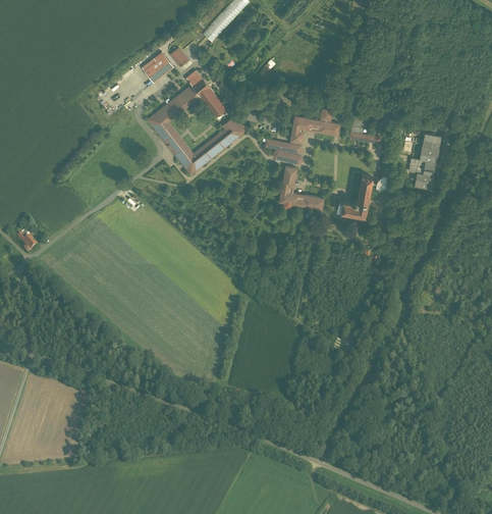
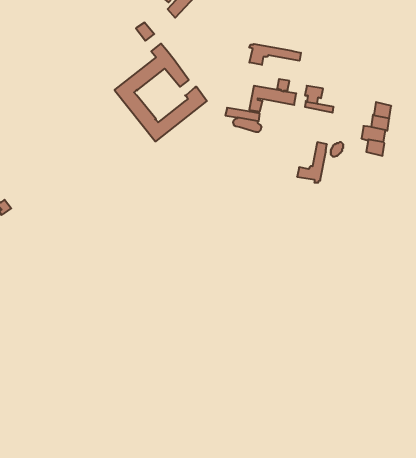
building: [141,52,173,83] -> none
building: none -> [249,44,301,65]
building: [278,166,323,210] -> none

